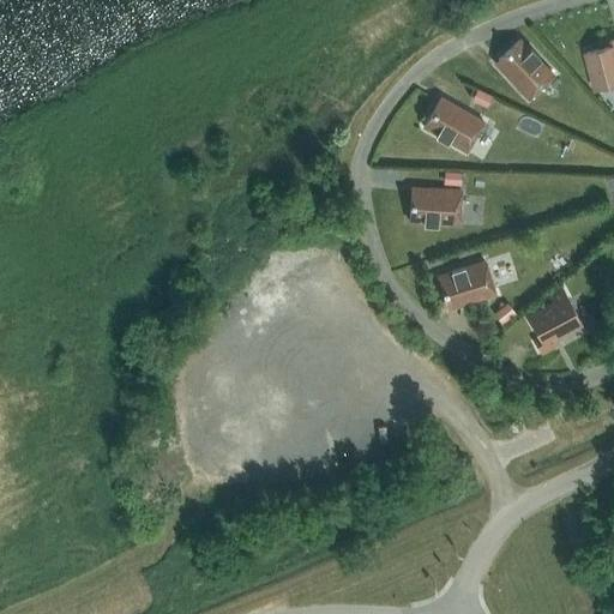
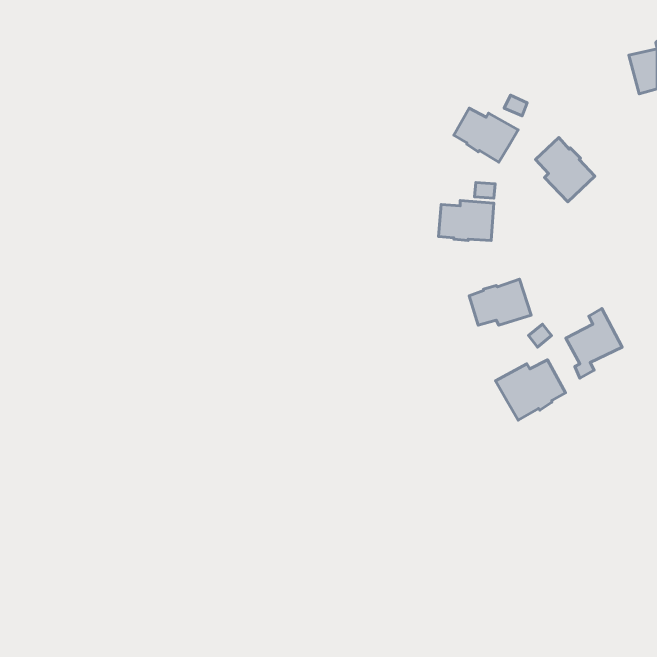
building: [498,38,553,98] -> [536,137,595,202]
building: none -> [496,360,565,420]

